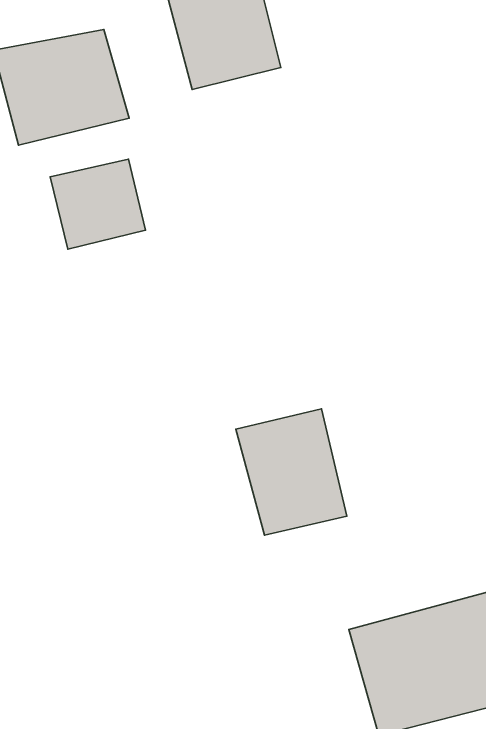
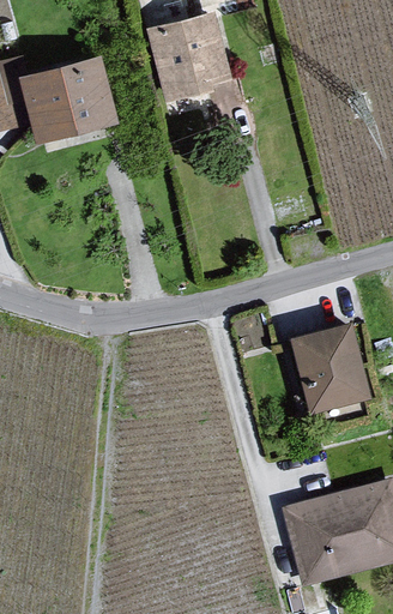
building: [50,159,146,249] -> none
building: [236,409,347,535] -> [285,319,369,415]

